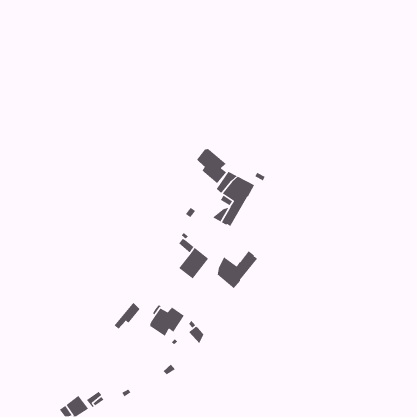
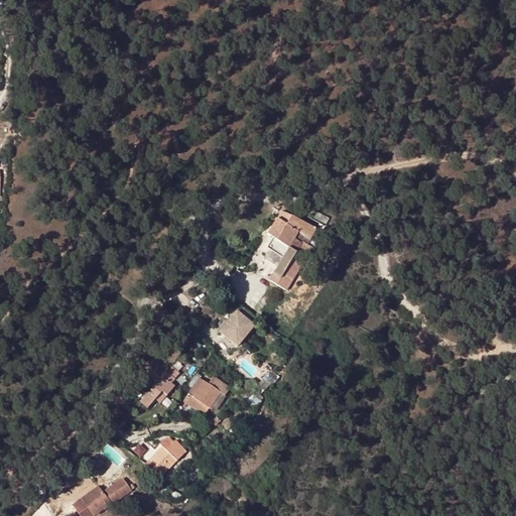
building: [196,148,227,184] -> none
building: [217,250,258,289] -> none
building: none -> [144,438,185,477]

